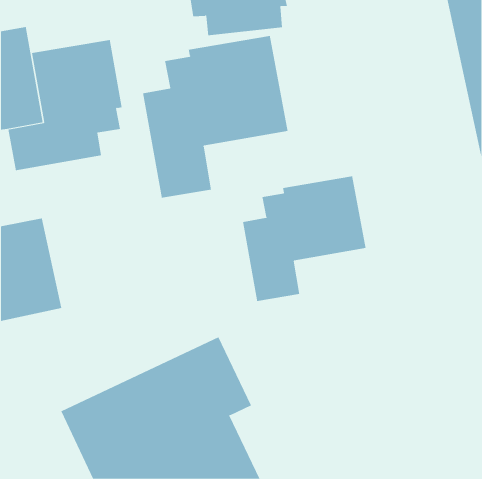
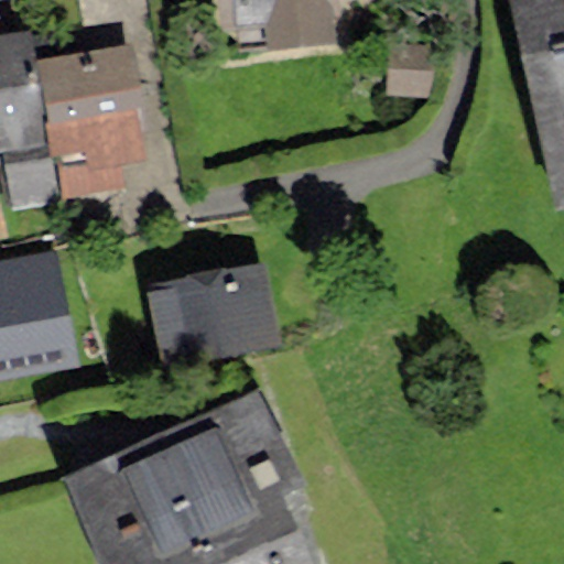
building: [143,35,288,199] -> none
building: [243,175,366,302] -> none
building: none -> [153,270,269,352]

